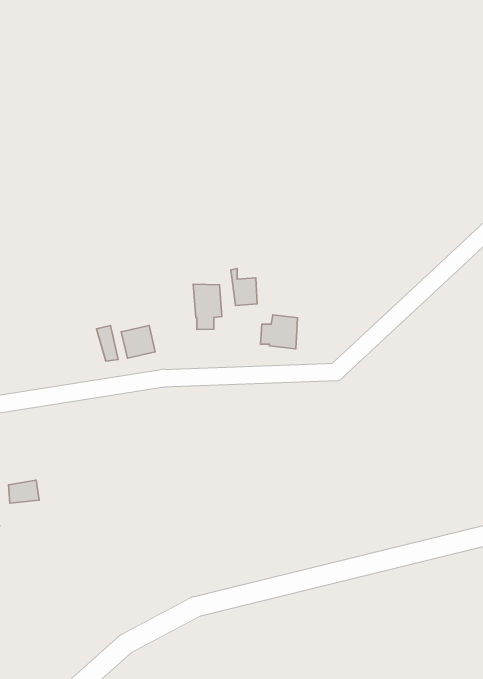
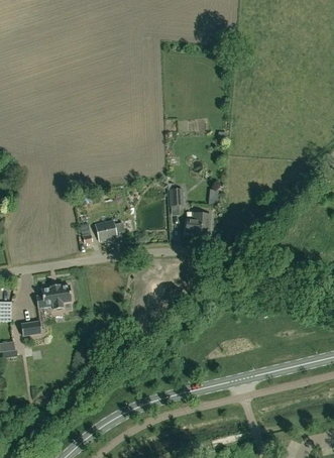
building: [193,284,222,329] -> none
building: none -> [35,285,72,311]

